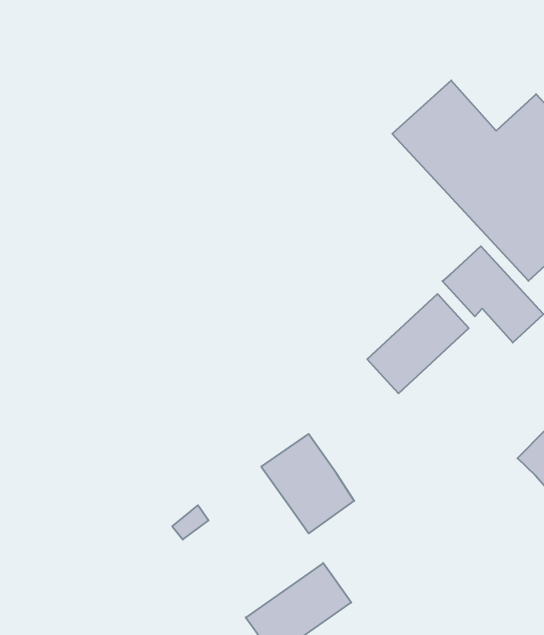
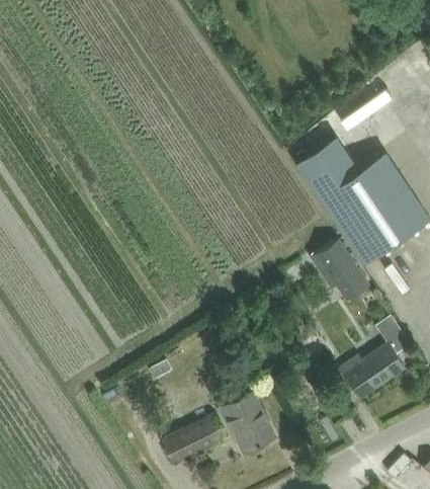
building: [367,294,469,393] -> none
building: [261,434,354,533] -> [222,392,274,452]

